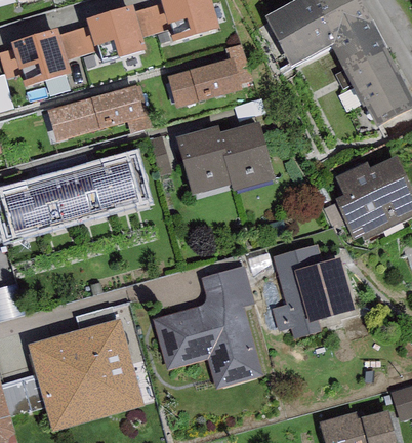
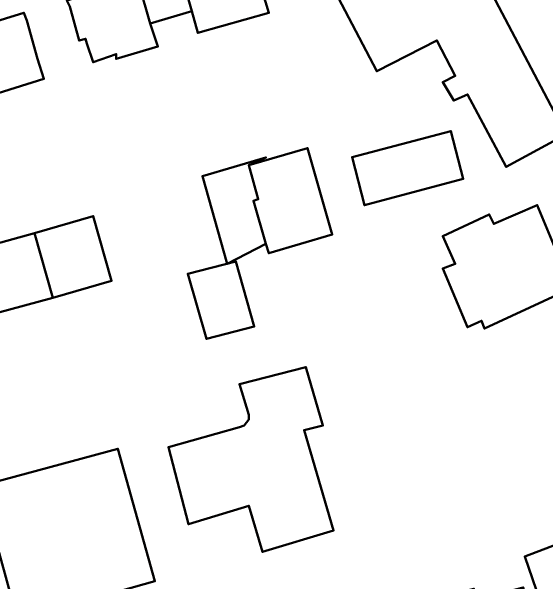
building: [58,24,98,58] -> none
building: [167,57,241,107] -> [352,131,463,205]
building: [47,83,149,140] -> none
building: [102,155,147,206] -> [188,262,254,339]
building: [272,242,355,338] -> none

